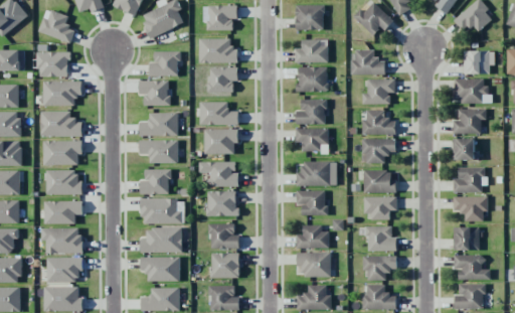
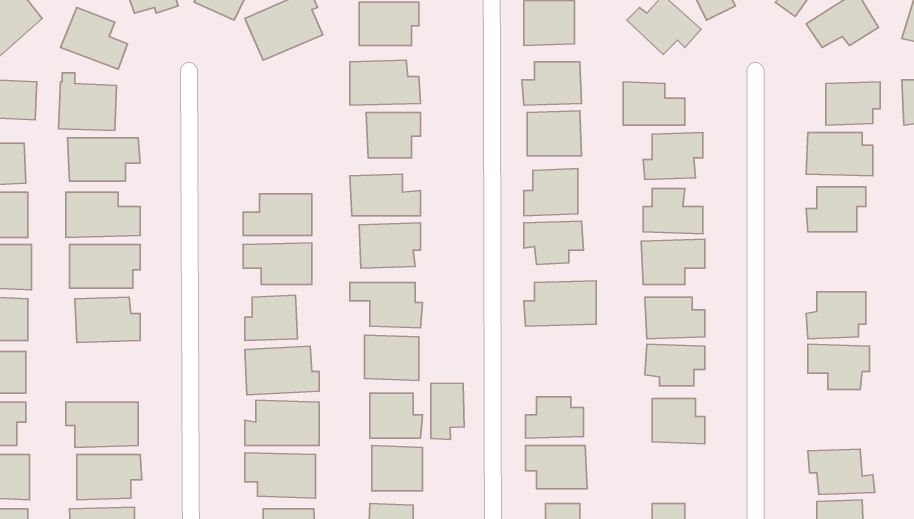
building: [149,51,179,76] -> none
building: [139,81,169,106] -> none
building: [456,138,475,160] -> none
building: [296,190,326,215] -> none
building: [44,201,82,224] -> none
building: none -> [431,383,464,440]
building: [457,226,479,251] -> none
building: [362,256,397,281] -> none

